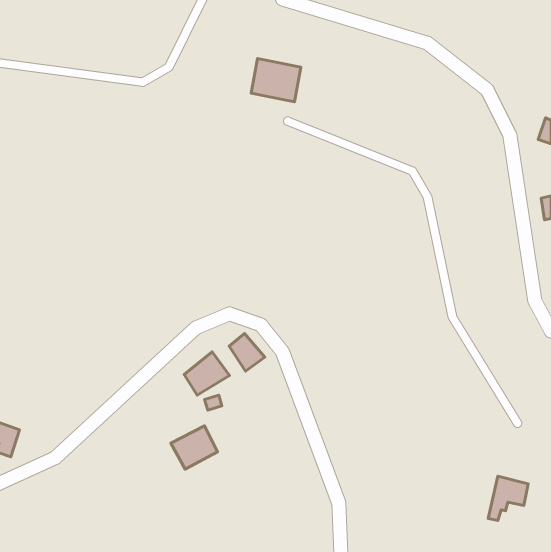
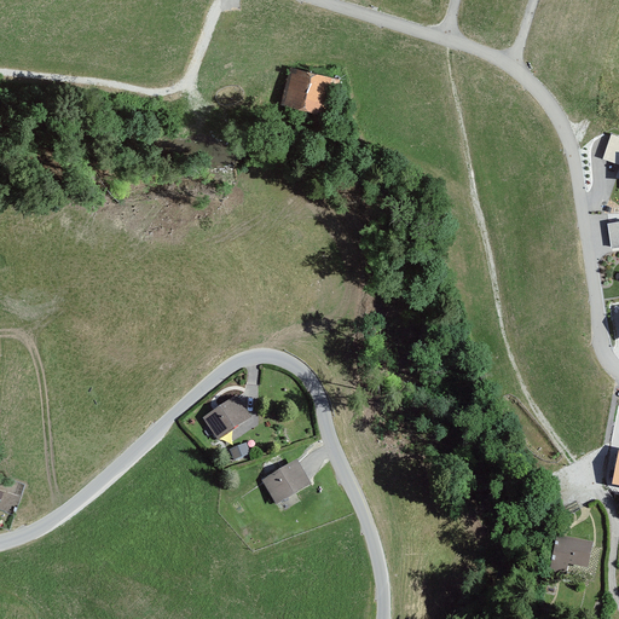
building: [229,333,265,371] -> none
building: [171,426,217,469] -> [262,461,314,509]

